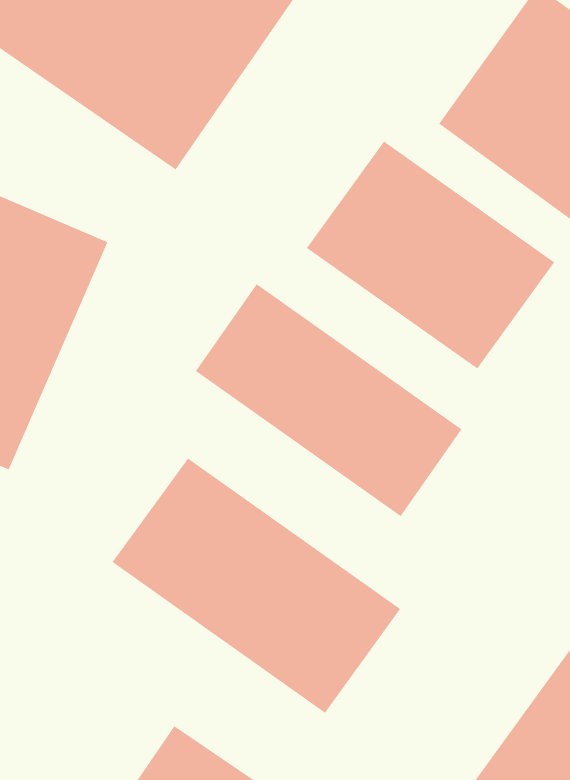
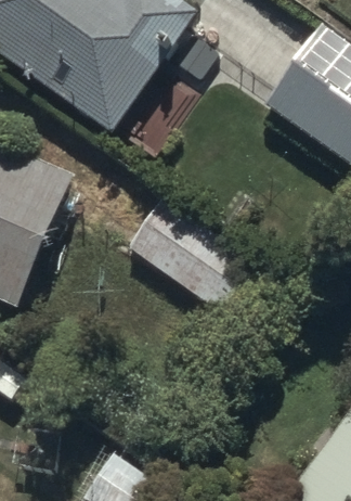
building: [306,141,555,370] -> none
building: [112,457,401,714] -> none

